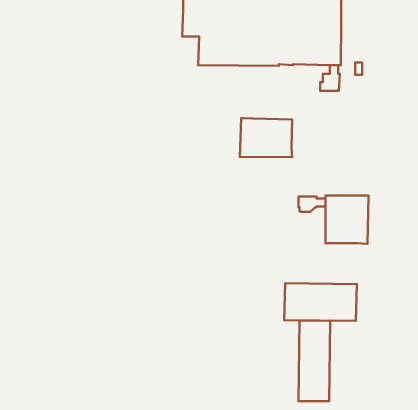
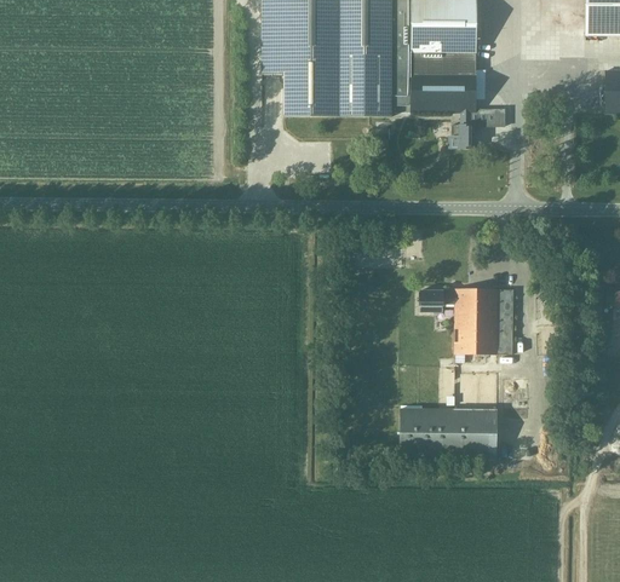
building: [240,118,292,157] -> none
building: [298,321,330,401] -> none

